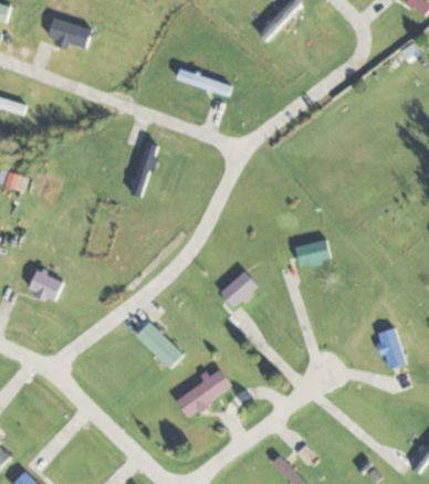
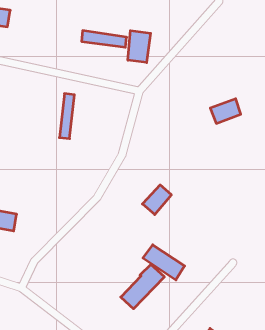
building: none -> [128,31,151,63]
building: [294,240,331,266] -> [210,99,241,123]
building: [135,322,185,369] -> [143,245,185,280]

